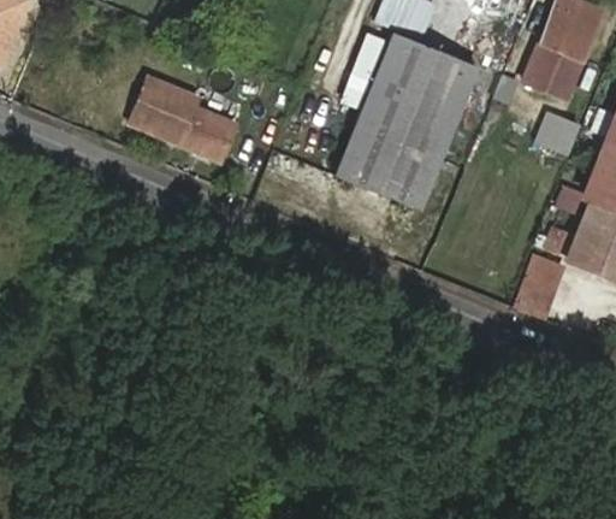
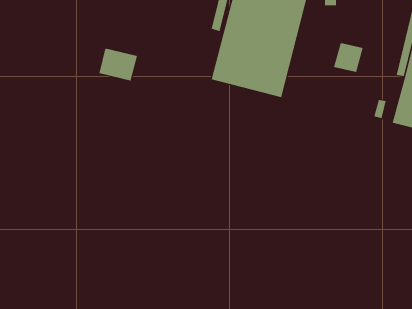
building: [135,77,202,136] -> none
building: [533,113,578,157] -> [333,43,364,72]
building: [508,255,557,319] -> none

